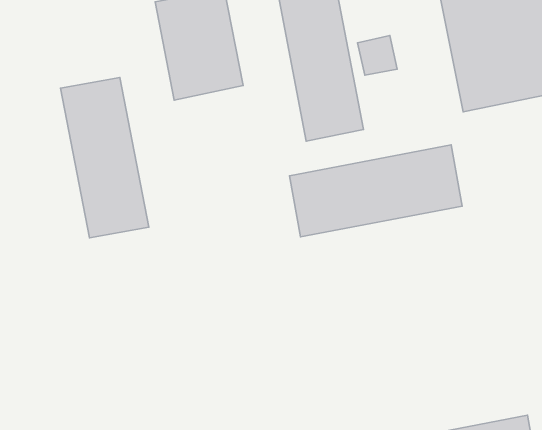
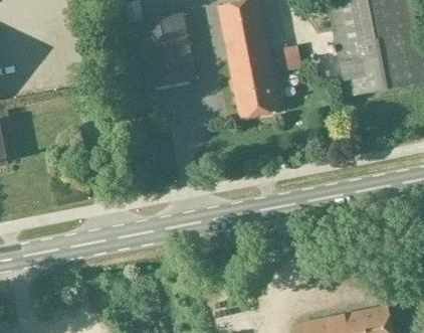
building: [61,78,149,238] -> none
building: [290,145,462,237] -> none

